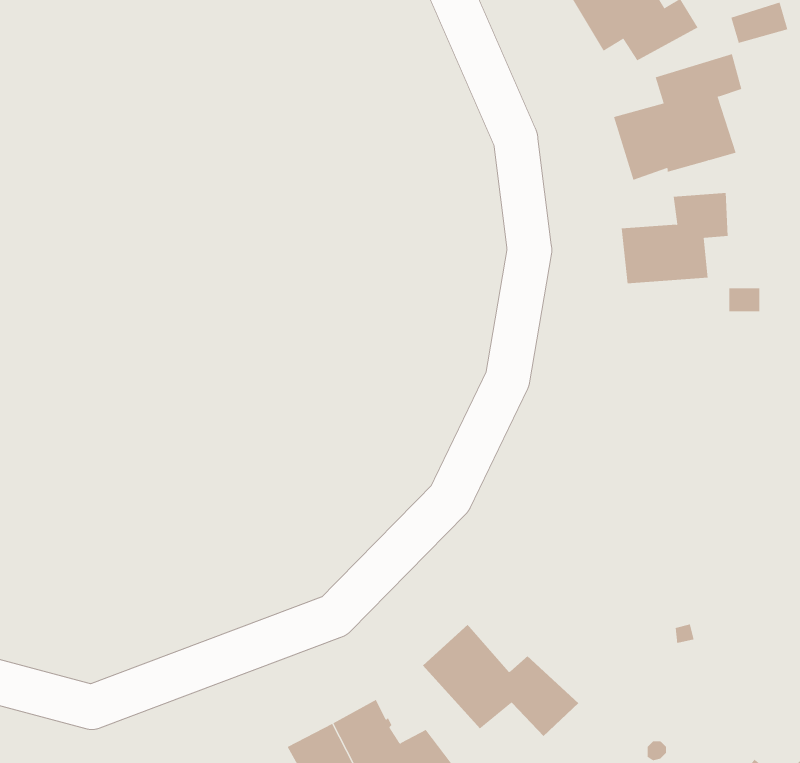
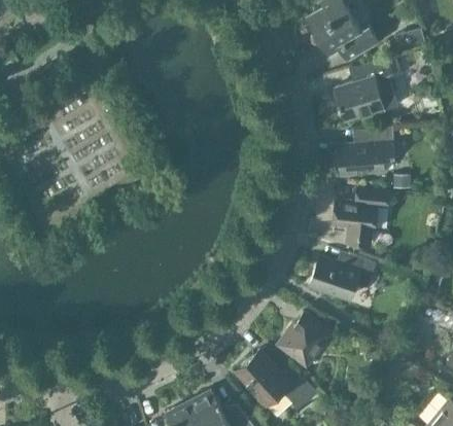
building: none -> [332,189,389,247]
building: none -> [309,255,375,299]
building: none -> [278,315,329,366]

